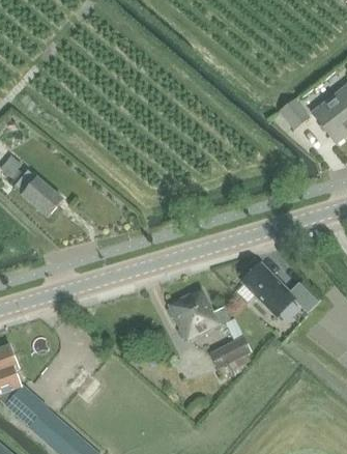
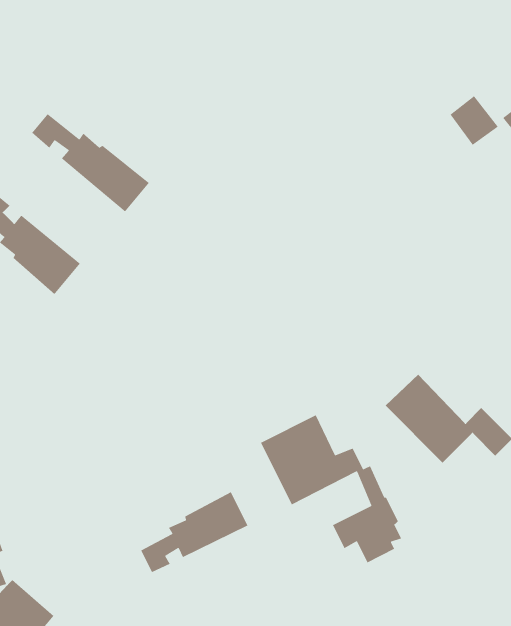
building: none -> [31,113,150,212]
building: none -> [140,491,249,573]

